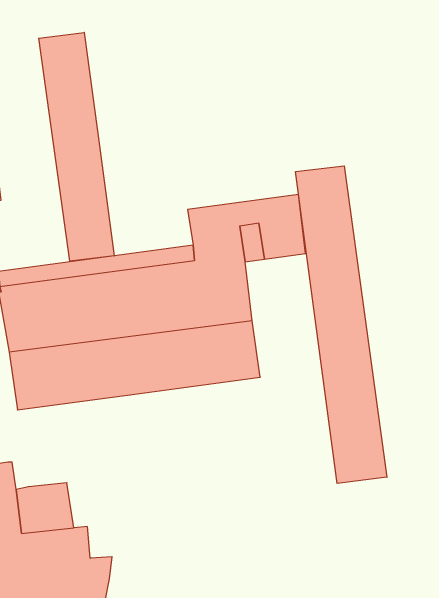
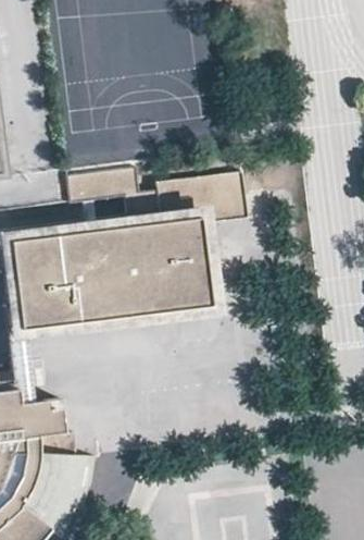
building: [39,32,114,261] -> none
building: [296,166,387,483] -> none

